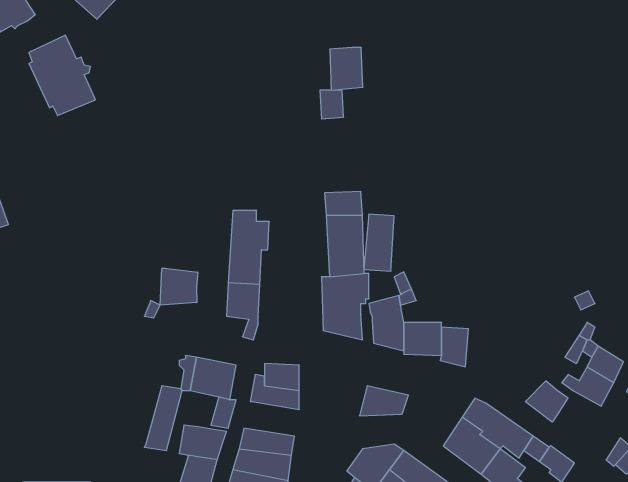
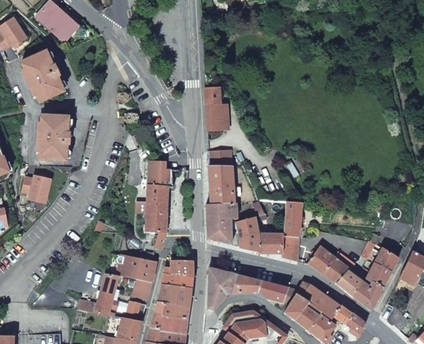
building: [330,48,363,90] -> [207,103,228,130]
building: none -> [37,116,72,161]
building: [364,214,394,271] -> [283,201,302,237]
building: none -> [23,175,51,202]
building: [160,268,198,305] -> none
building: none -> [308,245,350,284]
building: none -> [208,266,236,309]
building: none -> [354,276,384,310]
building: none -> [258,279,297,302]
building: none -> [158,283,193,305]

